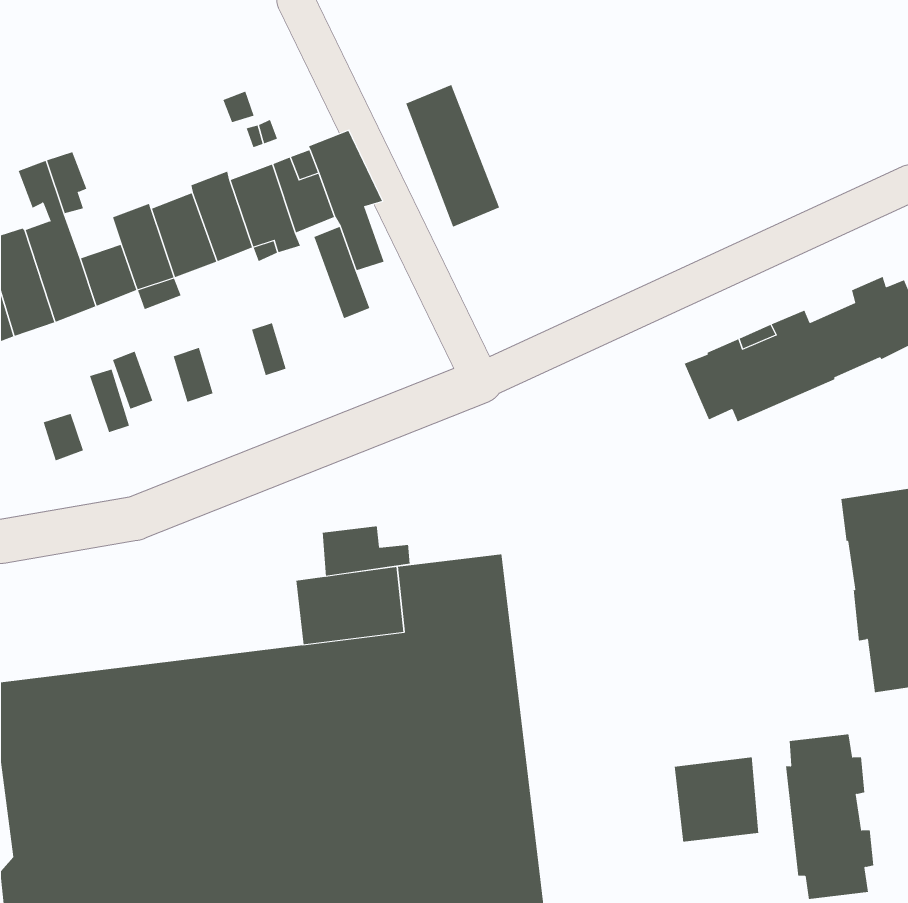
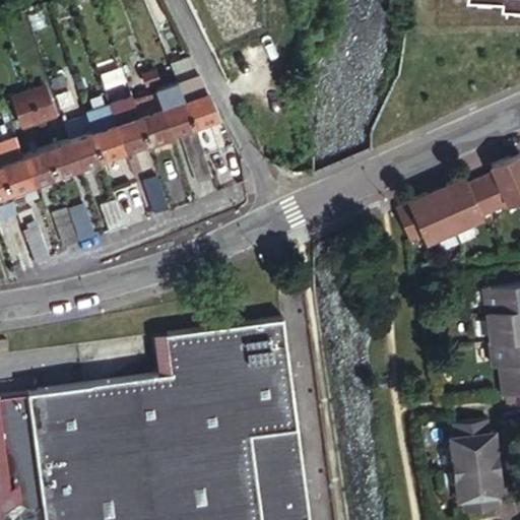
building: [405,84,500,227] -> none
building: [322,525,410,576] -> none
building: [674,757,759,843] -> none

